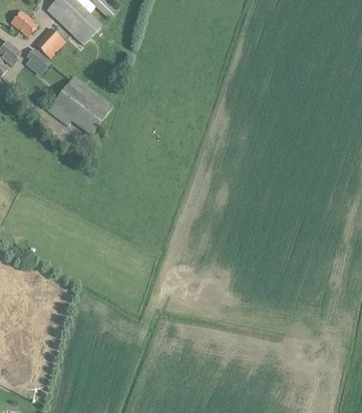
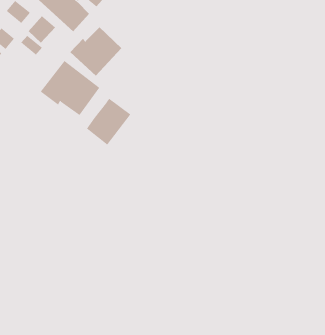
building: none -> [70,26,122,77]
building: none -> [86,98,131,145]

